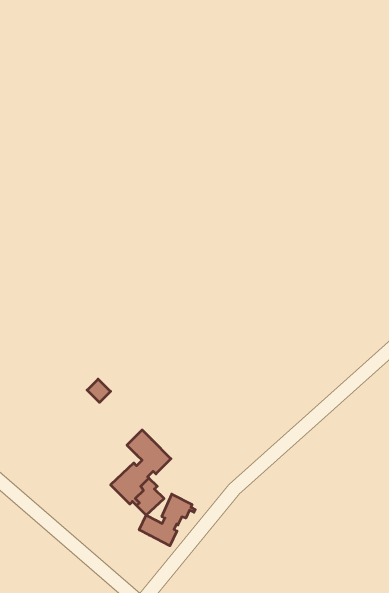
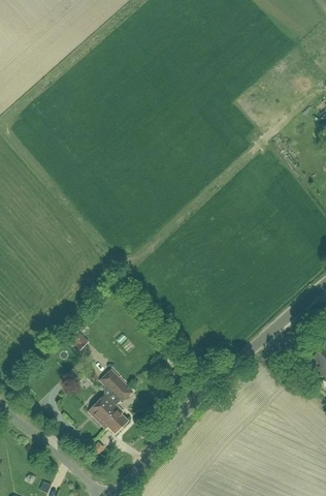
building: [139,494,195,546] -> none

